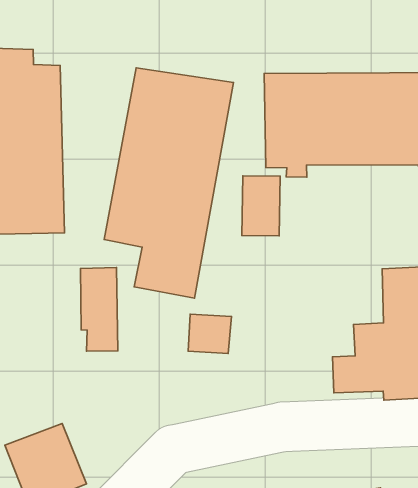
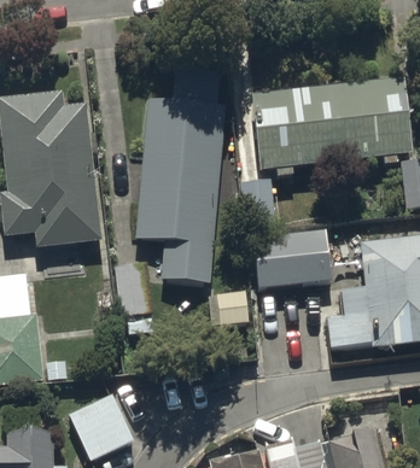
building: none -> [252,228,332,288]

